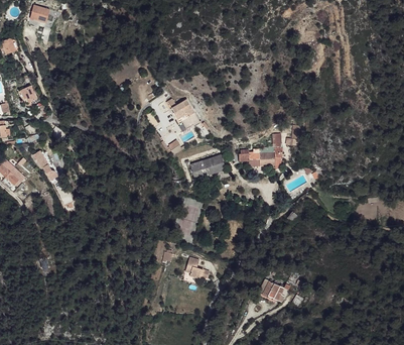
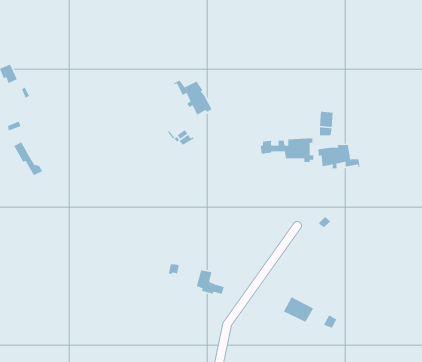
building: none -> [318,144,361,169]
building: [189,154,225,180] -> none

